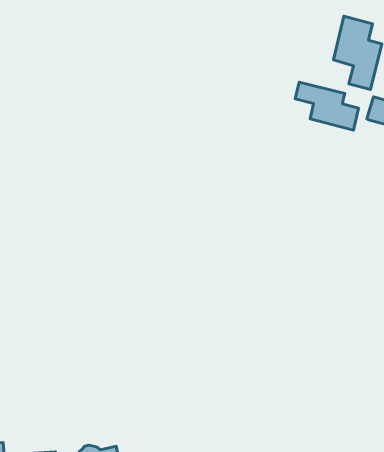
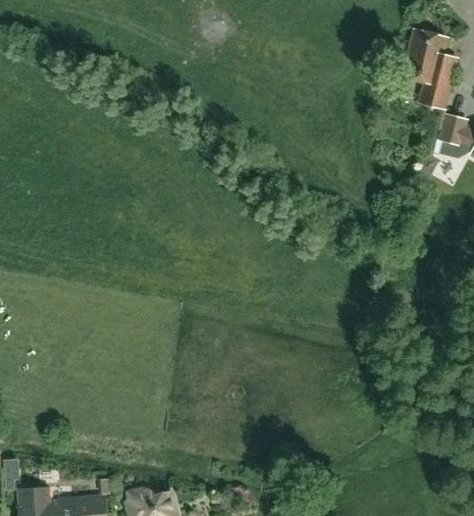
building: [295,82,359,130] -> none

